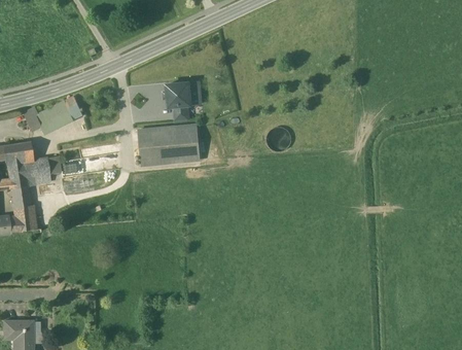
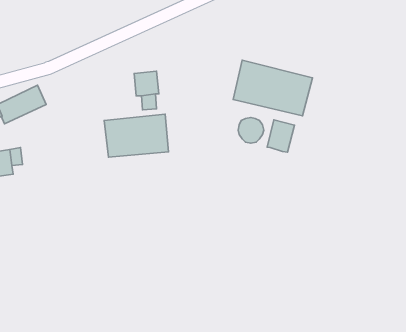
building: none -> [233,60,312,116]
building: none -> [267,120,294,152]

